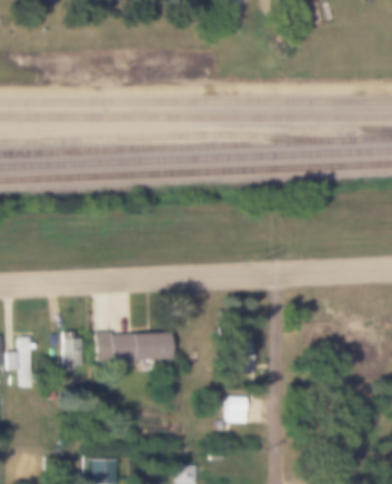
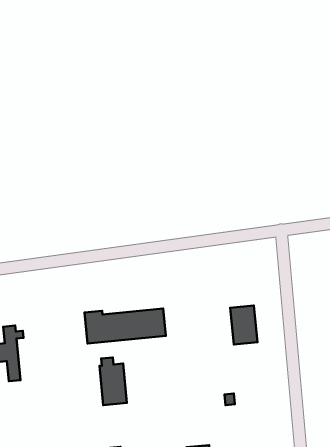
building: [63,330,86,373] -> [99,357,127,405]
building: [230,395,250,422] -> none

